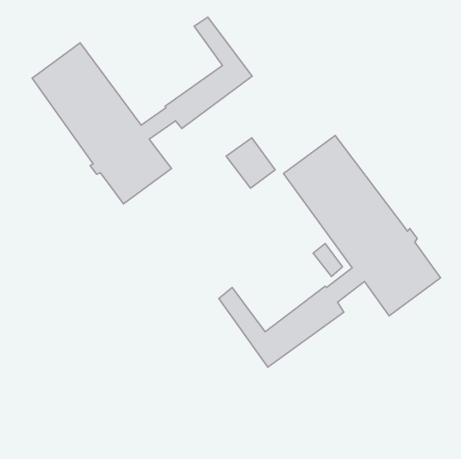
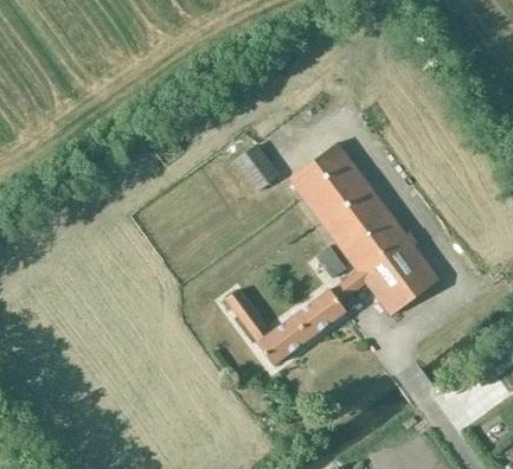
building: [32,17,252,204] -> none

